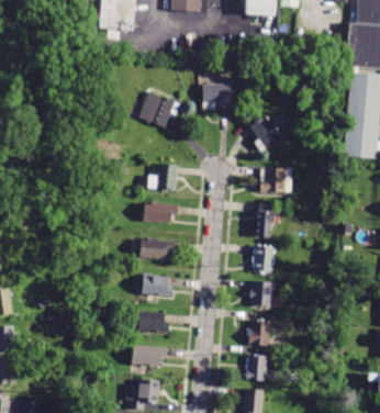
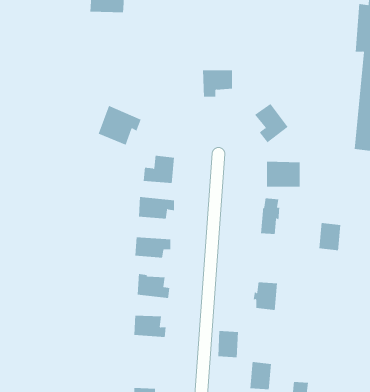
building: [138,90,179,127] -> [98,105,142,146]
building: [254,245,275,271] -> [319,222,341,251]
building: [249,320,269,345] -> [217,331,239,358]
building: [131,344,167,366] -> none

